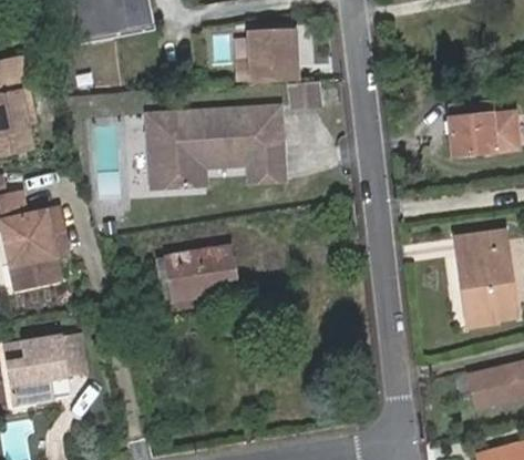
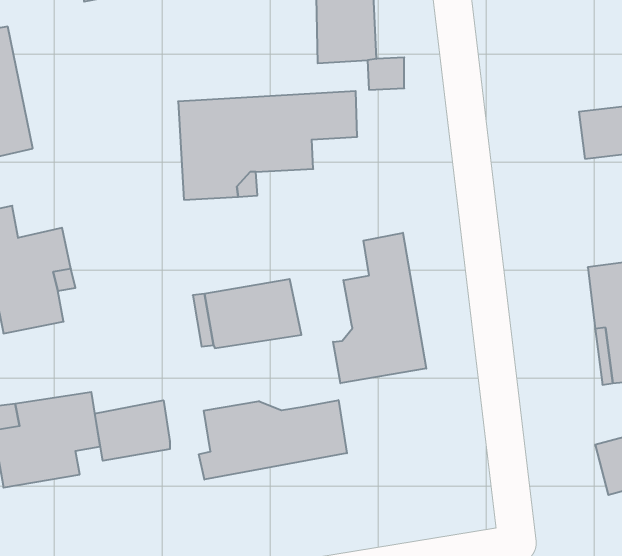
building: [247,139,285,181] -> none
building: none -> [333,233,426,383]
building: none -> [199,400,347,480]
building: none -> [95,400,170,461]

